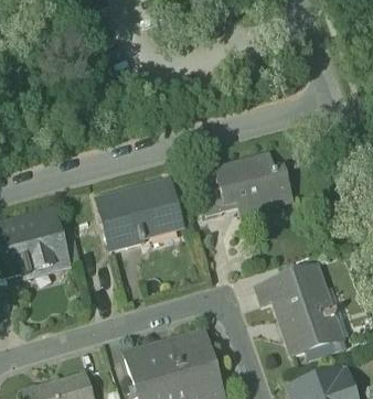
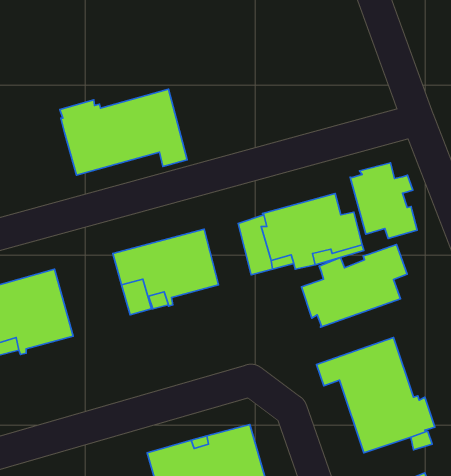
building: none -> [60,89,187,175]
building: none -> [350,163,417,238]
building: none -> [301,245,407,327]

